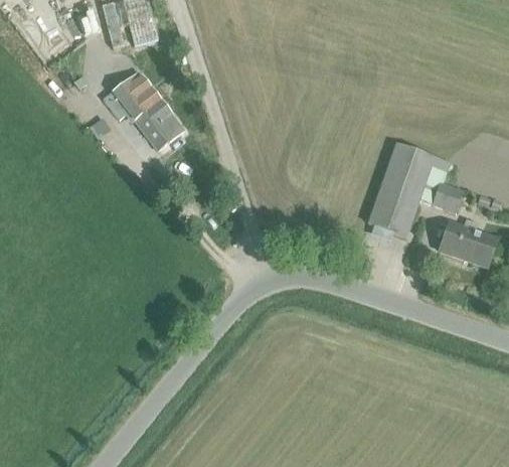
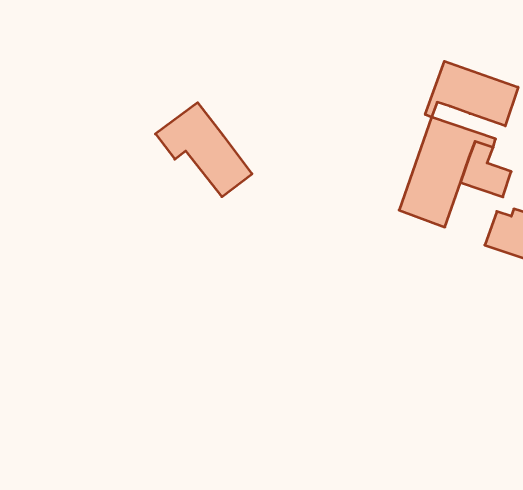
building: [103,71,183,150] -> [155,103,252,197]
building: none -> [425,61,518,126]

